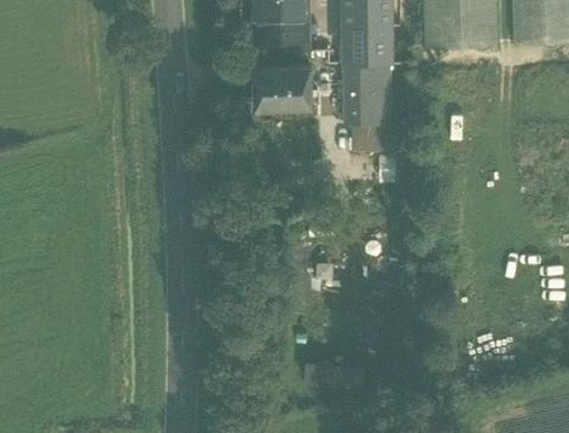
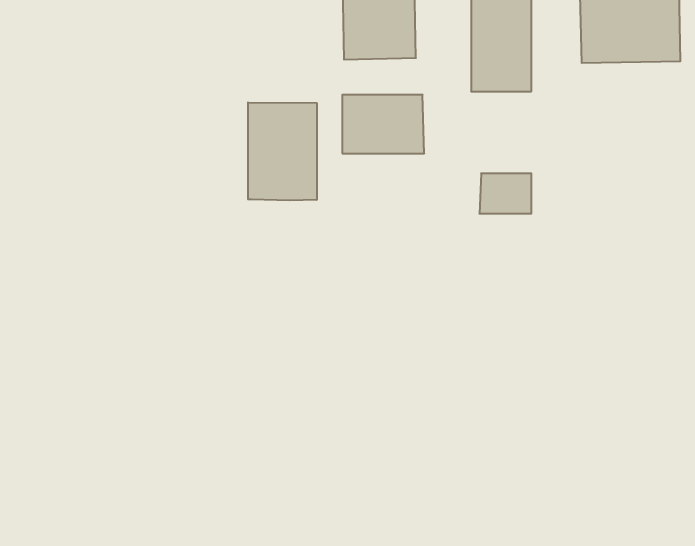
building: [348,66,393,125] -> none
building: none -> [248,102,317,200]

